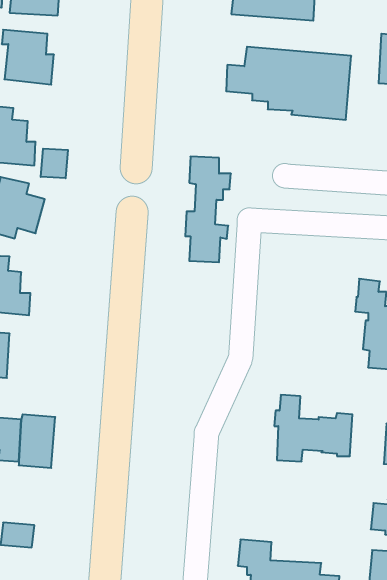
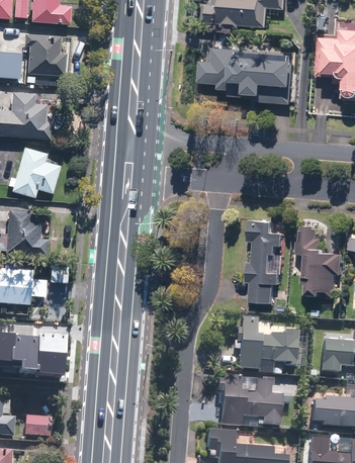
building: [41,149,68,178] -> none
building: [185,157,231,262] -> [247,219,282,301]
building: none -> [218,375,281,426]

